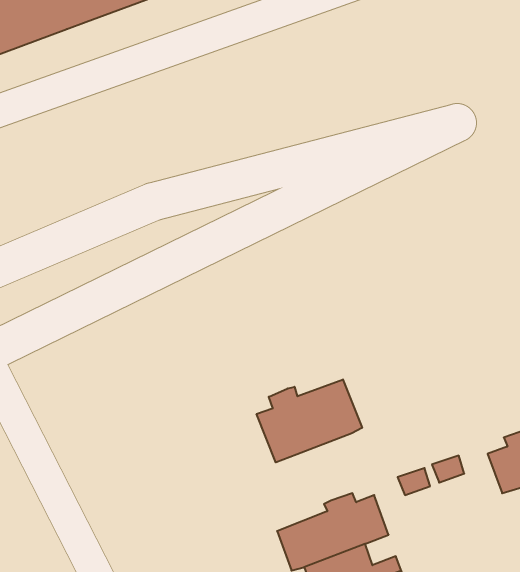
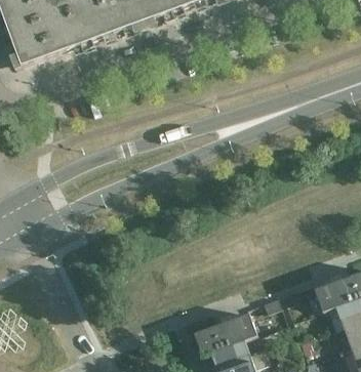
building: [257,379,362,462] -> none

